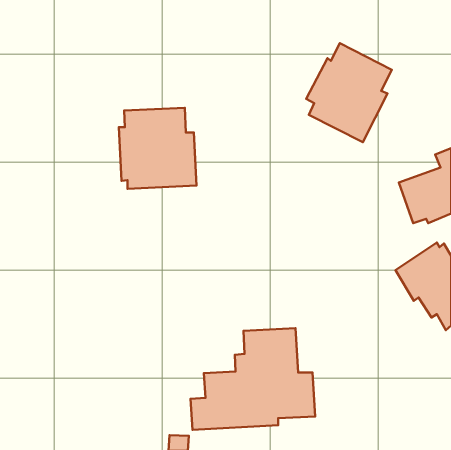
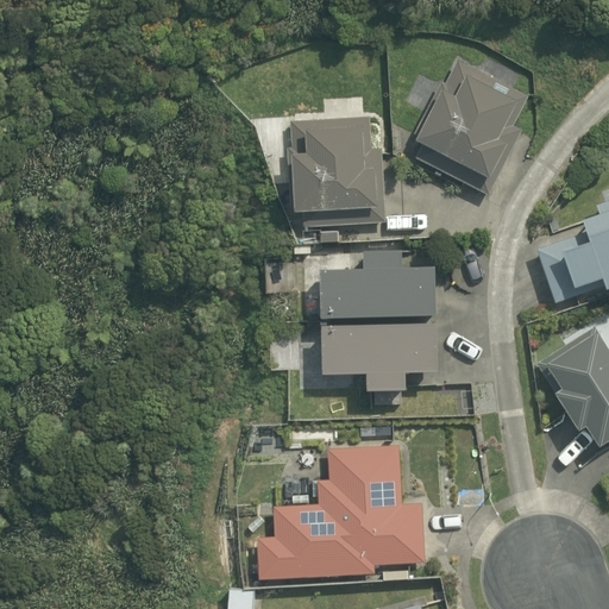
building: [119,108,196,189] -> [283,117,388,226]
building: none -> [321,251,437,318]
building: none -> [320,322,438,390]

